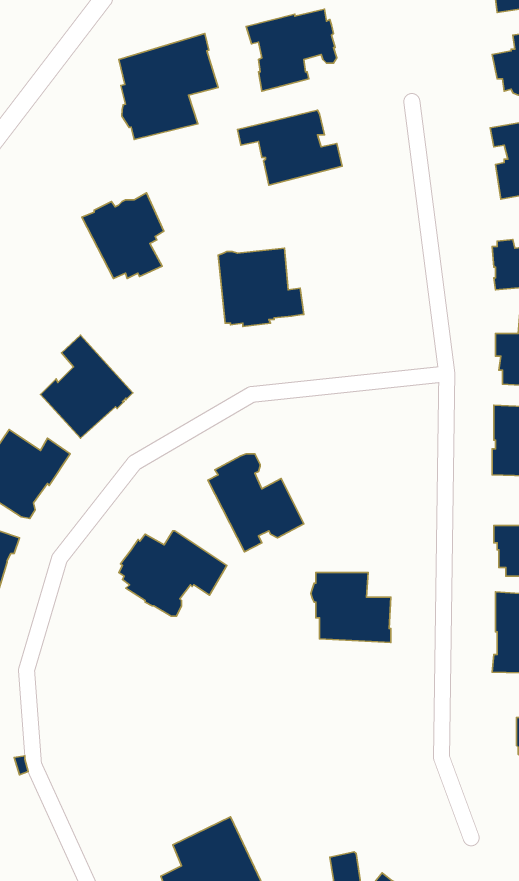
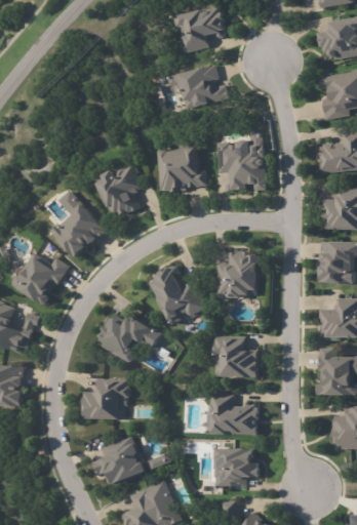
building: [119,33,218,140] -> none
building: [82,193,164,278] -> [94,165,143,215]
building: none -> [217,133,268,193]
building: none -> [217,253,260,298]
building: none -> [83,380,131,420]
building: none -> [207,395,259,436]
building: none -> [94,439,146,486]
building: none -> [211,446,256,485]

